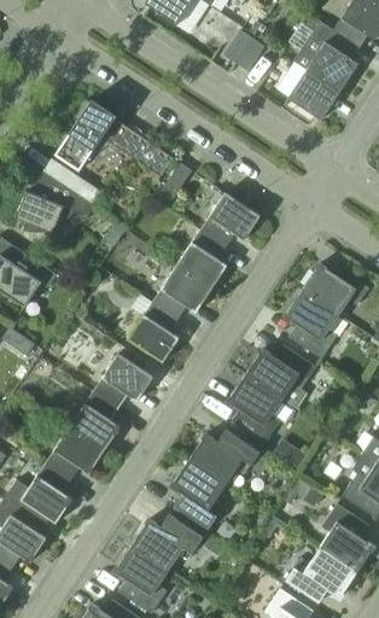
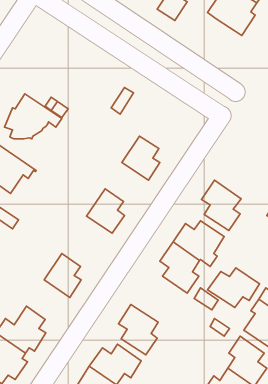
building: [287,70,339,121] -> none
building: [54,100,173,176] -> none
building: [199,192,260,246] -> none
building: [302,264,368,315] -> none
building: [152,266,211,319] -> none
building: [93,354,152,408] -> none
building: [45,426,104,480] -> none
building: [187,430,258,484] -> [208,268,260,308]

